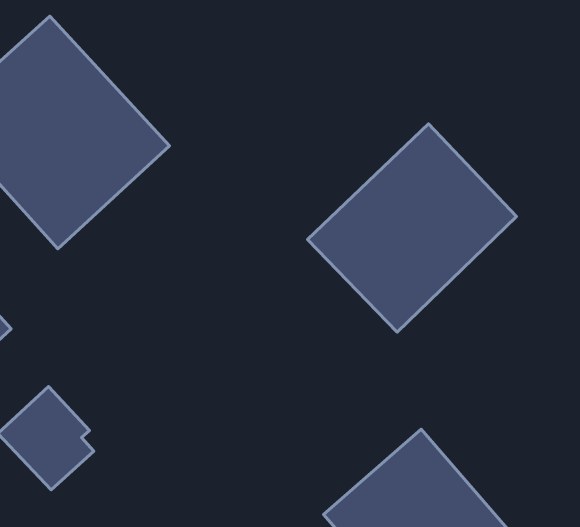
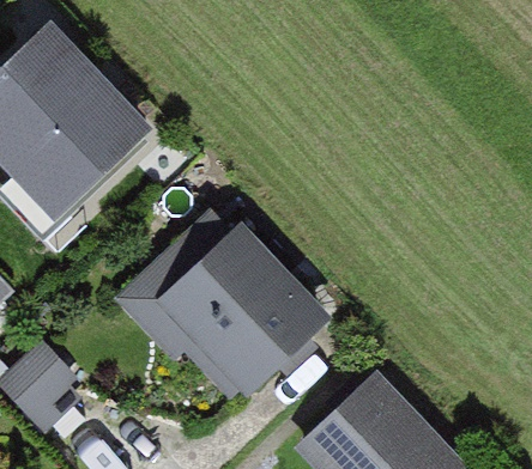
building: [307,124,517,332] -> none
building: none -> [155,233,322,401]

